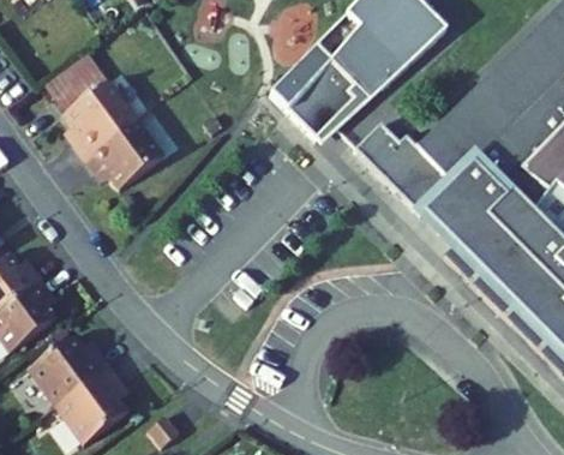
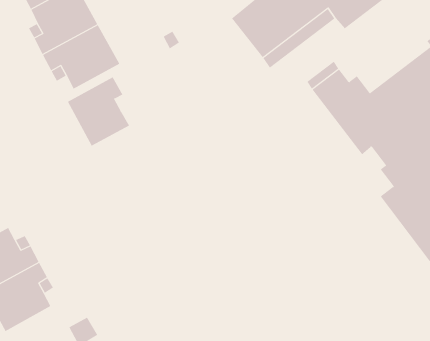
building: none -> [67,76,130,147]

